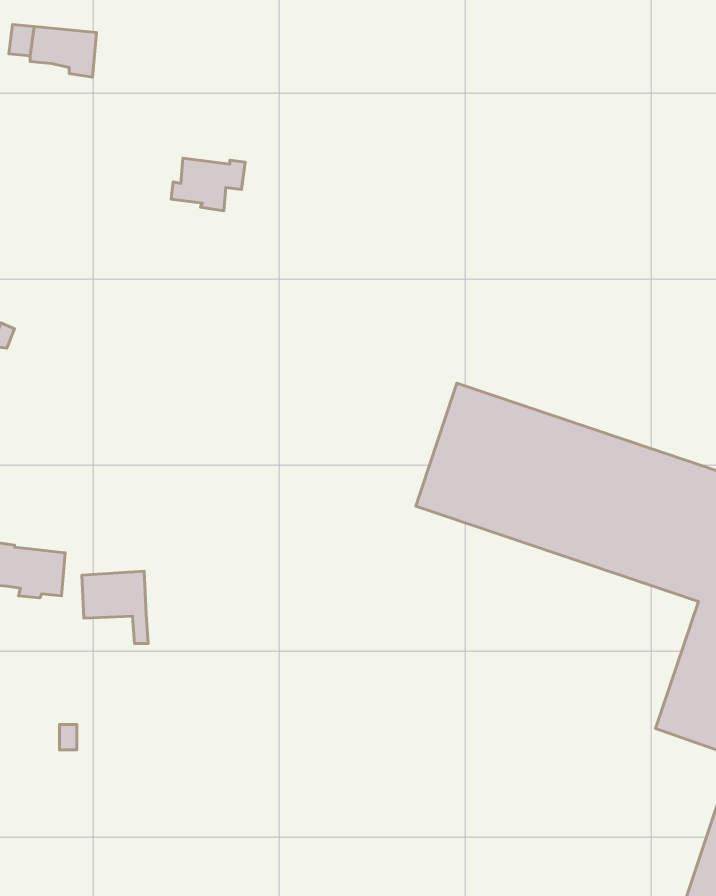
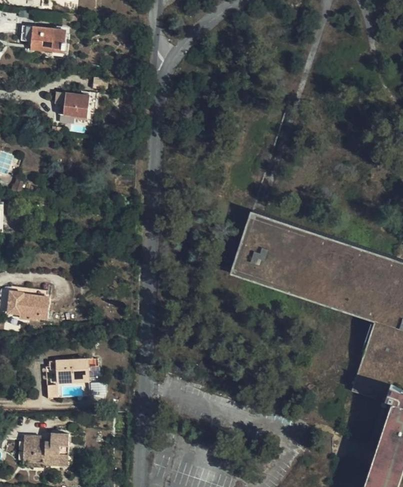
building: [171,158,245,211] -> [59,93,97,120]
building: [82,571,148,643] -> [55,359,89,396]
building: none -> [22,433,68,465]

